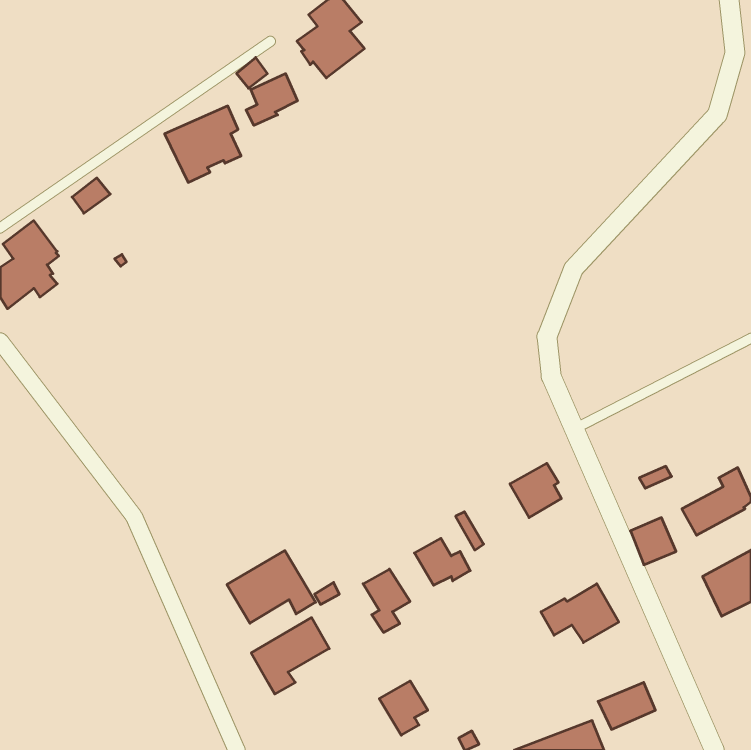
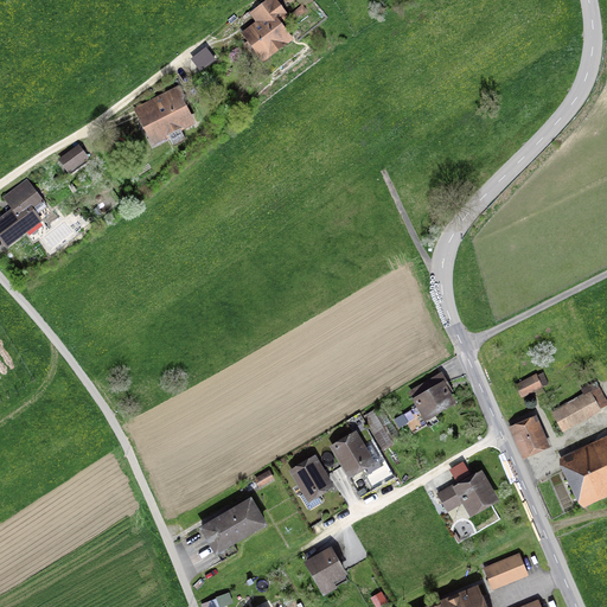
building: [246,74,297,125] -> none
building: [227,551,316,623] -> none

